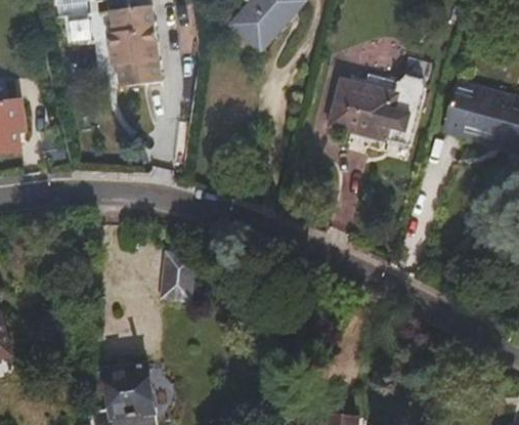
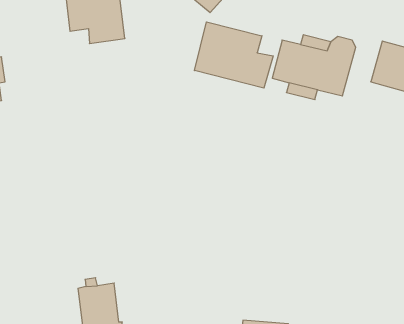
building: none -> [194,22,273,88]
building: [163,259,194,307] -> none

